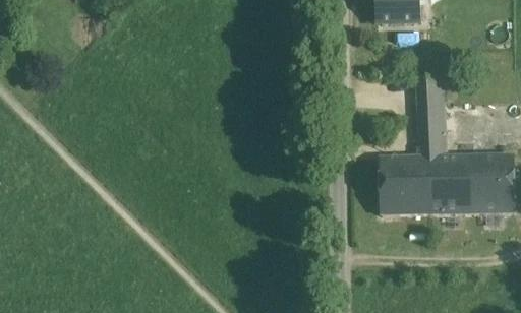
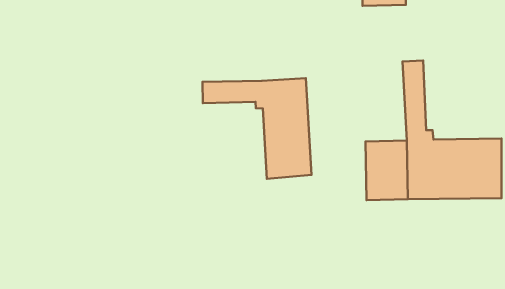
building: none -> [202,78,311,179]

